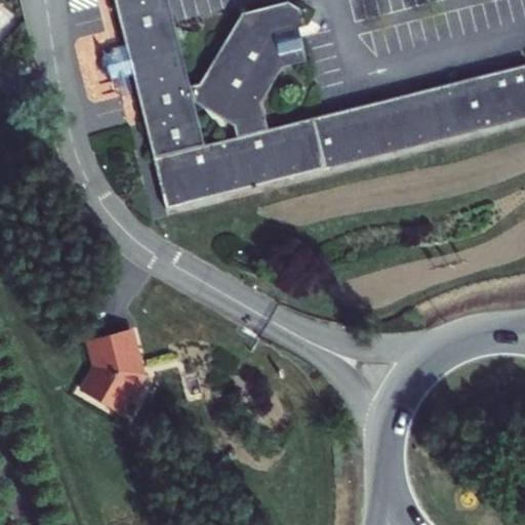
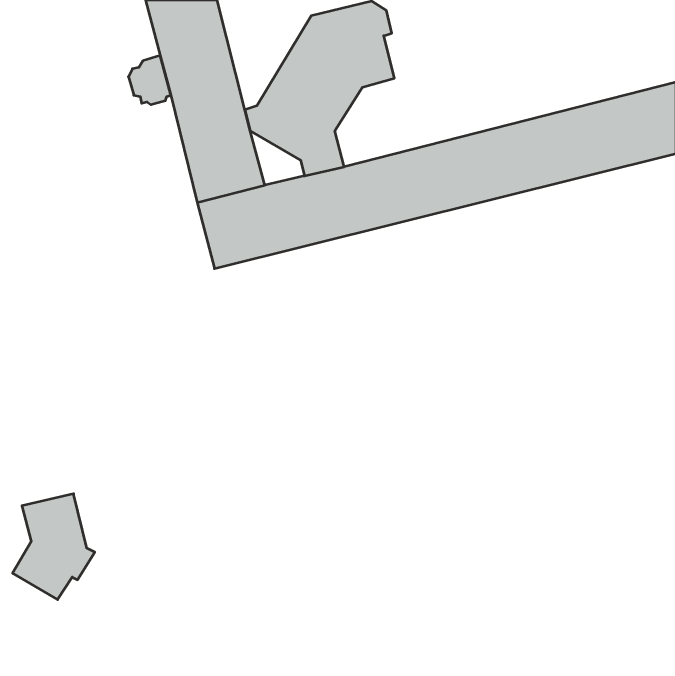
building: [83,329,147,411] -> [13,494,95,600]

